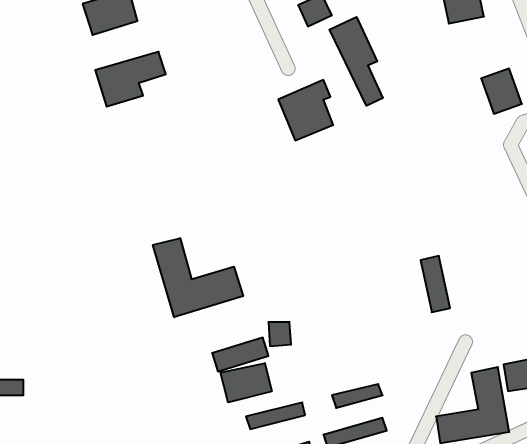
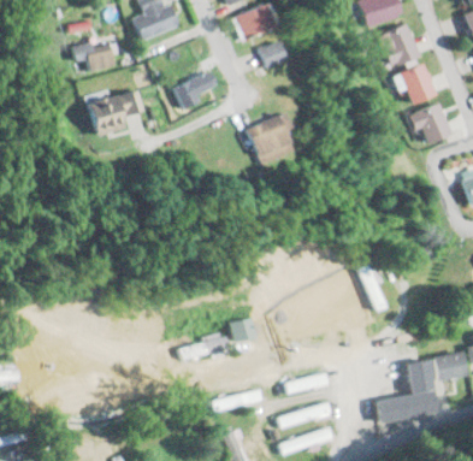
building: [329,17,383,106] -> none
building: none -> [397,63,434,104]
building: none -> [172,71,217,108]
building: [153,238,243,317] -> none
building: [221,363,272,402] -> none

